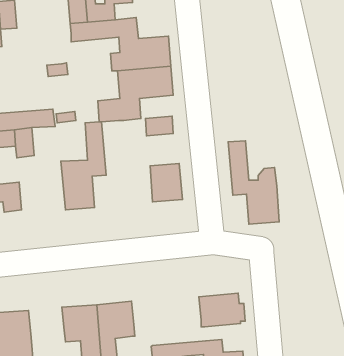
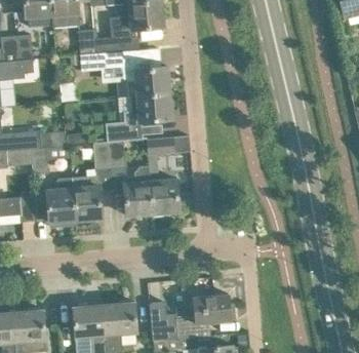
building: [228,141,279,224] -> [108,142,153,215]
building: none -> [46,178,77,227]
building: none -> [151,314,200,342]

